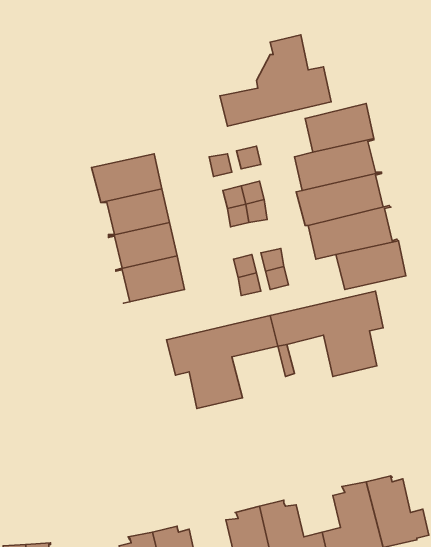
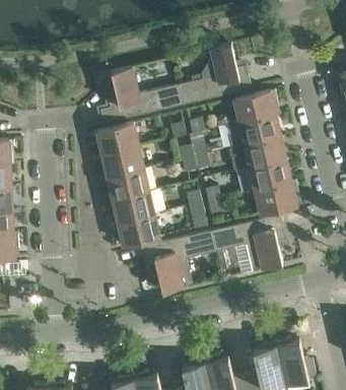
building: none -> [100,67,183,123]
building: none -> [114,213,160,246]

